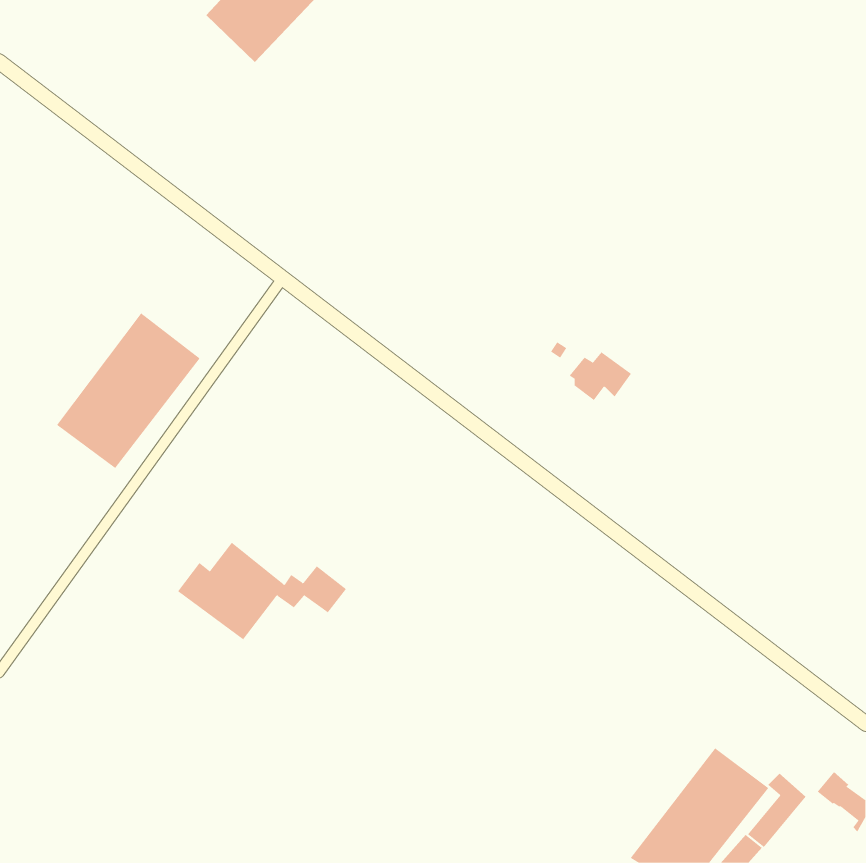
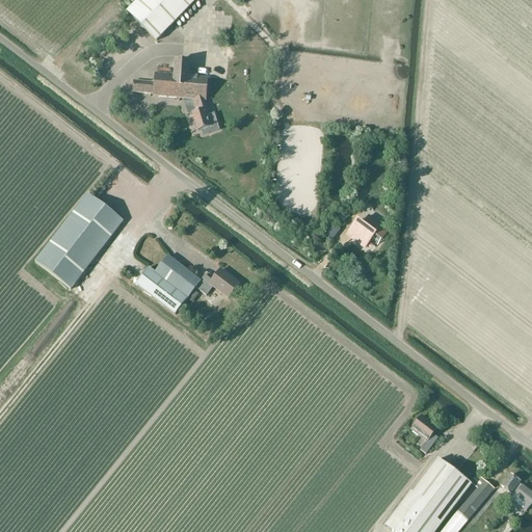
building: none -> [131,58,209,129]
building: [177,542,347,640] -> [134,252,238,313]
building: none -> [410,414,436,452]

